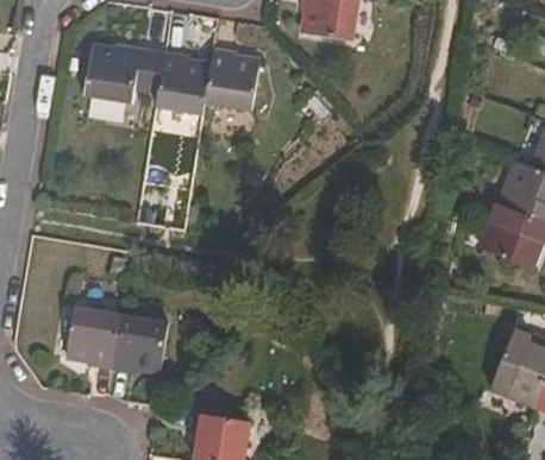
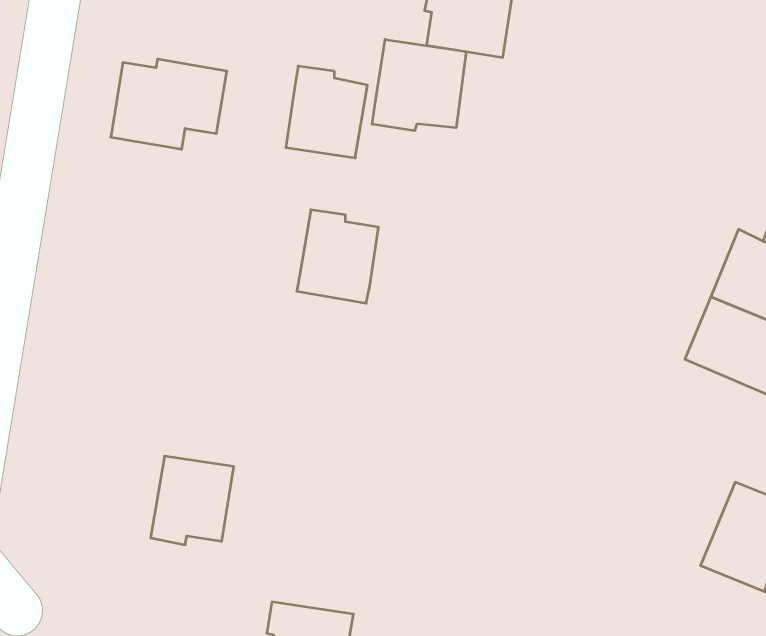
building: none -> [372,39,466,131]
building: [155,50,211,114] -> [297,210,378,303]
building: [67,307,121,370] -> none

